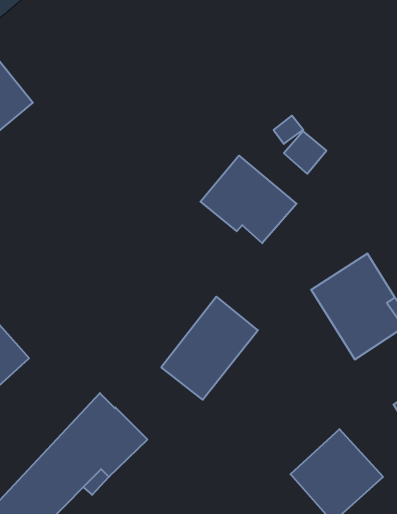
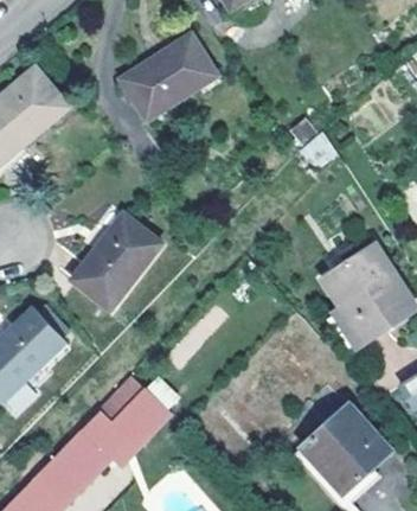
building: none -> [121,34,217,120]
building: [200,156,297,243] -> none
building: [161,297,258,400] -> [72,212,161,307]

